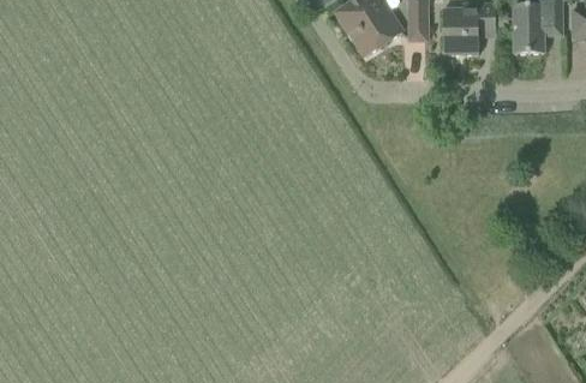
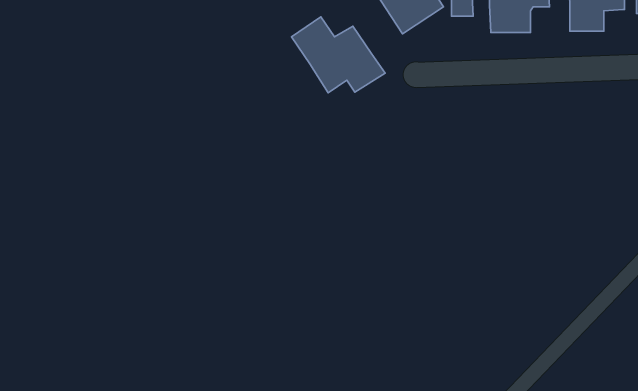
building: none -> [292,17,385,93]

